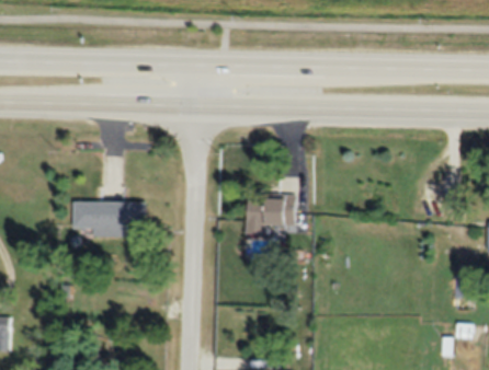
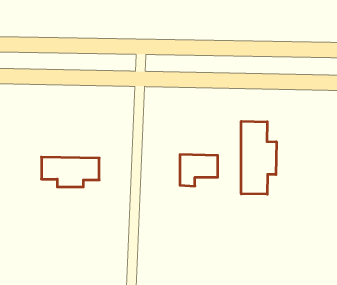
building: none -> [241,121,276,194]

